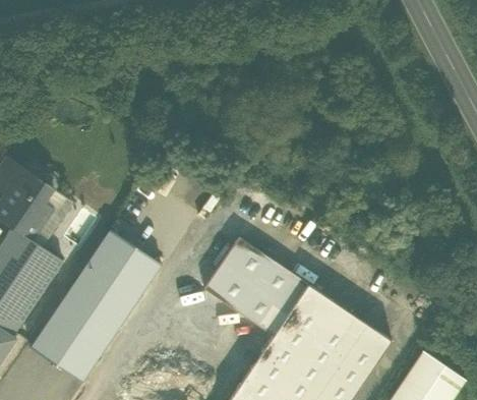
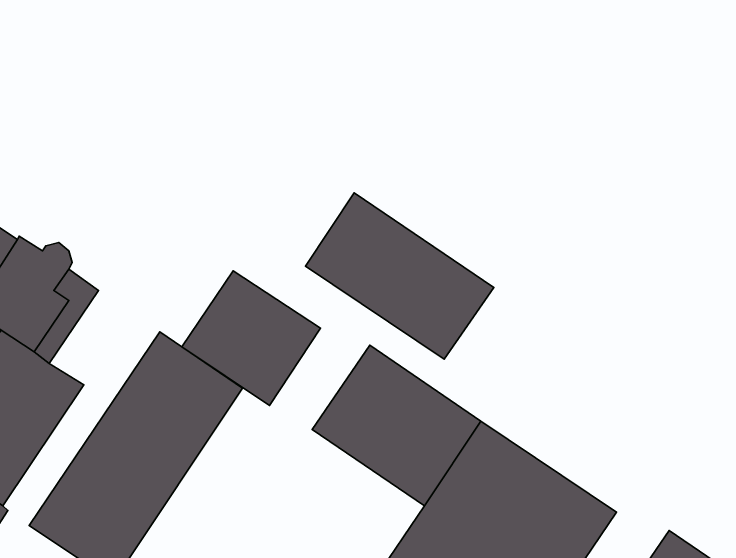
building: none -> [306,193,494,359]
building: none -> [182,271,321,405]

